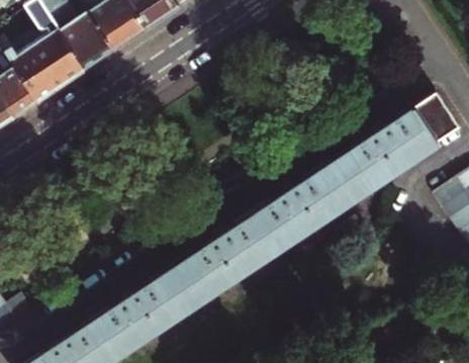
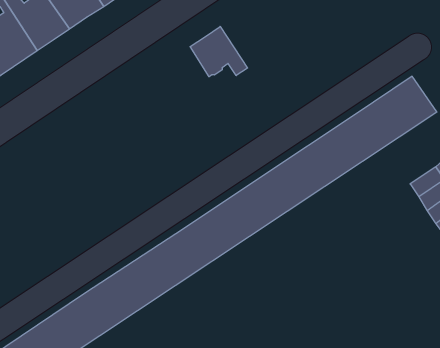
building: none -> [190,26,248,77]

